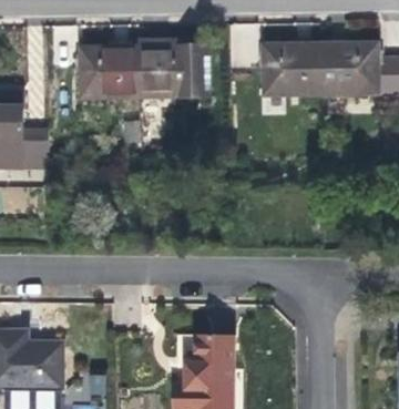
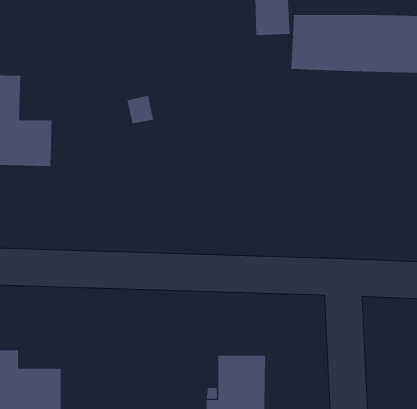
building: [70,44,201,93] -> none

